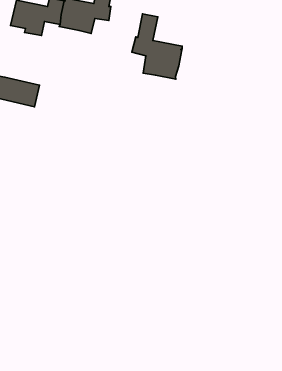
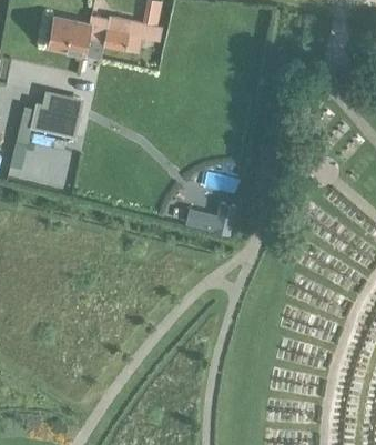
building: [132,14,182,79] -> none
building: none -> [185,203,234,234]

